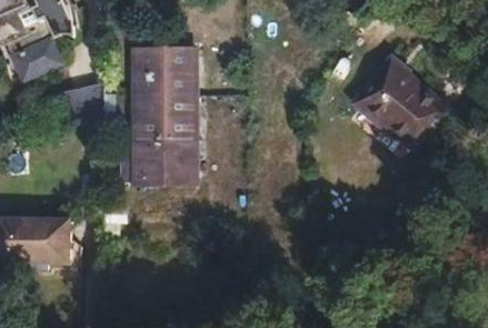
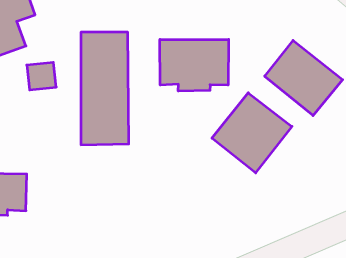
building: none -> [160,39,229,91]
building: none -> [212,93,292,173]

